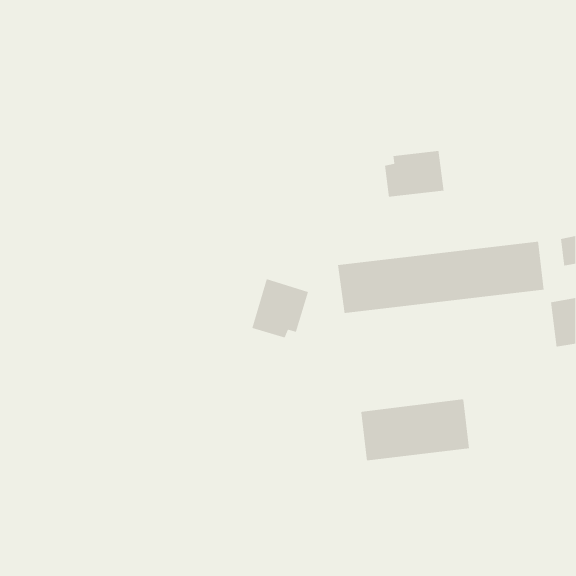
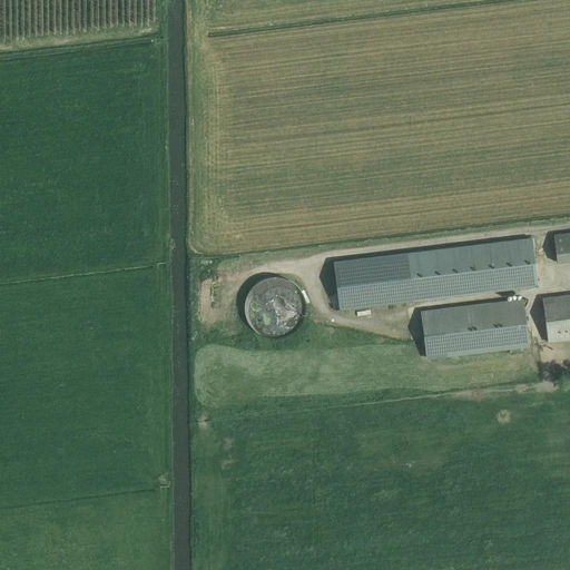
building: [385,150,444,198] -> none
building: [361,399,470,461] -> [420,298,528,360]

